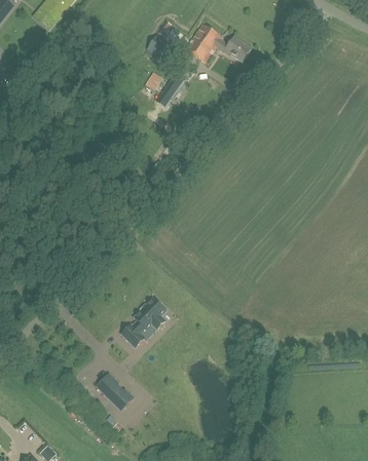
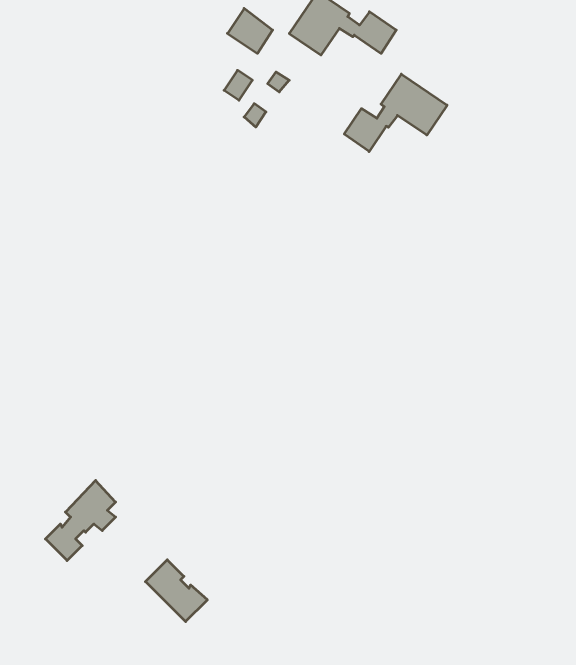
building: none -> [344,74,447,152]
building: [122,298,165,347] -> [45,480,116,561]

